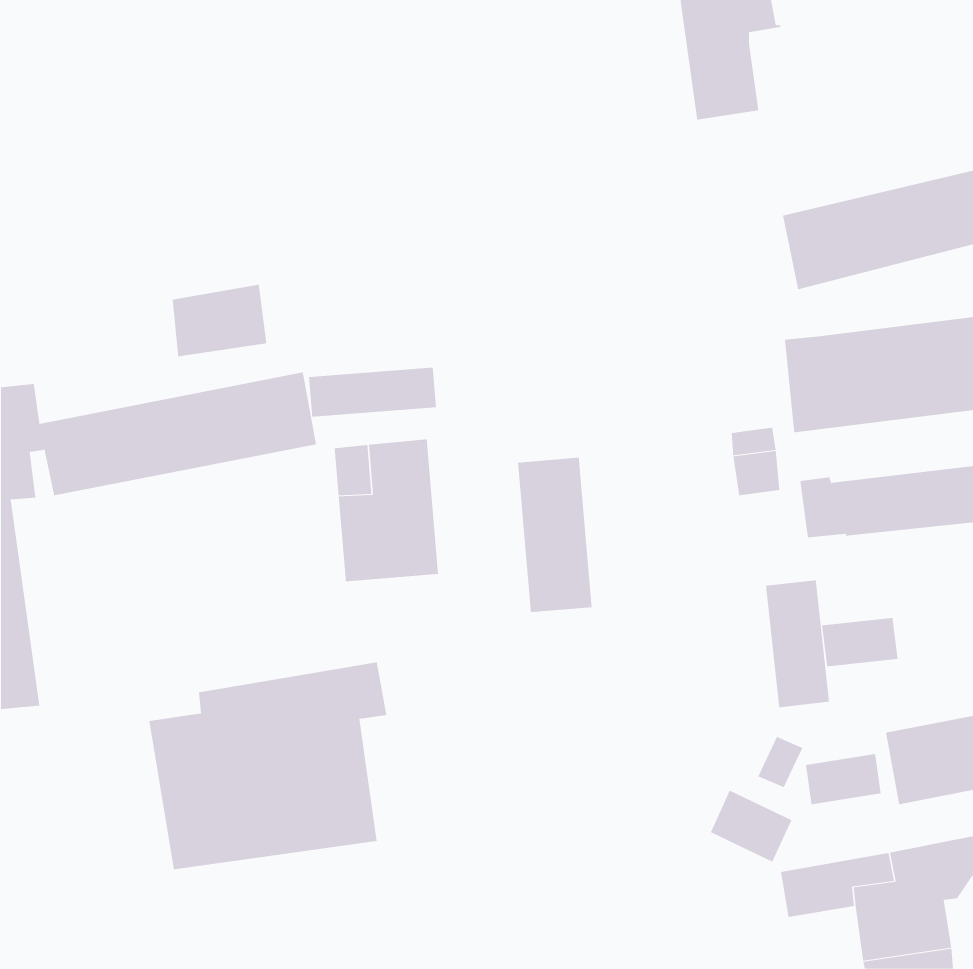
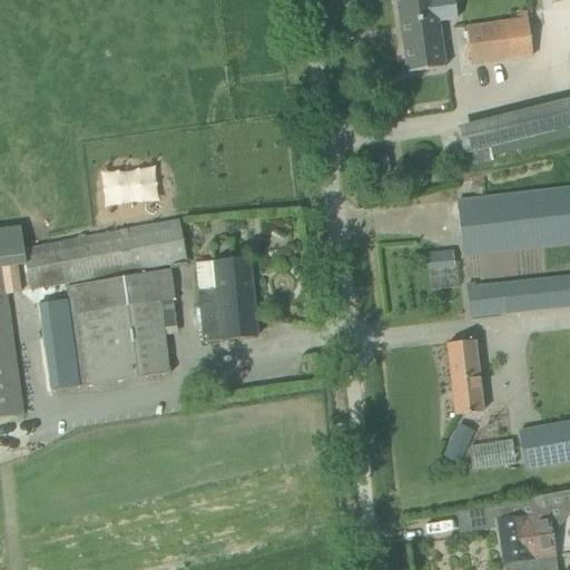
building: none -> [465,10,532,63]
building: [309,367,436,417] -> none
building: [518,457,592,613] -> none
building: [821,617,898,667] -> none
building: [149,662,387,870] -> [37,267,176,389]
building: [710,790,792,862] -> none

